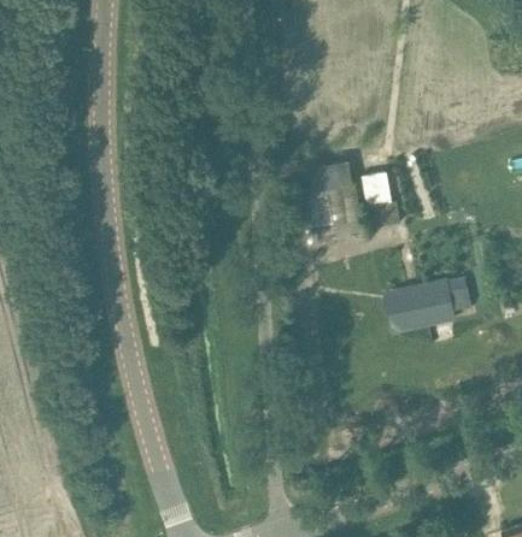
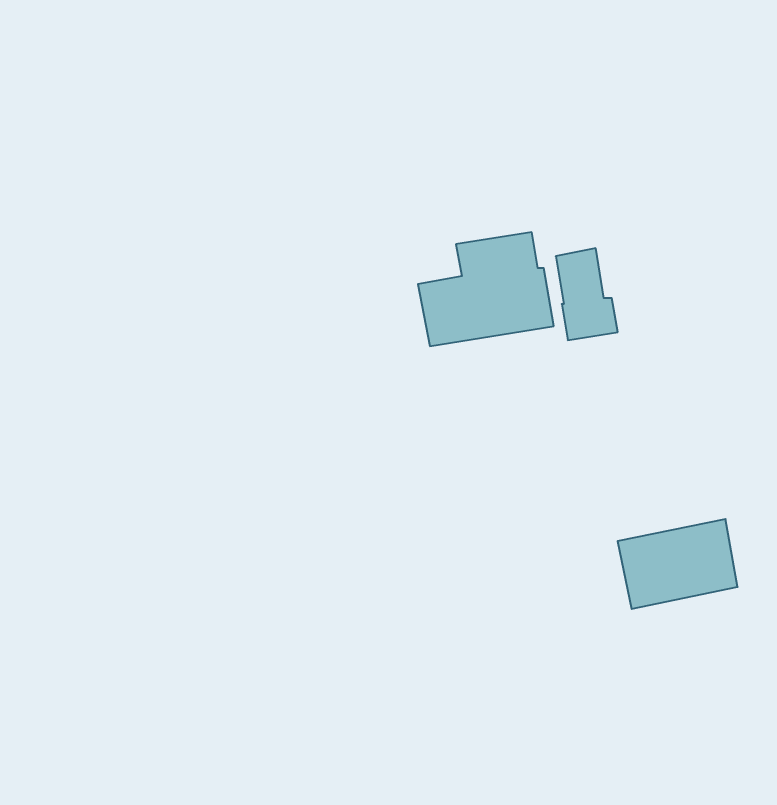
building: [385,278,457,332] -> [618,519,738,609]

